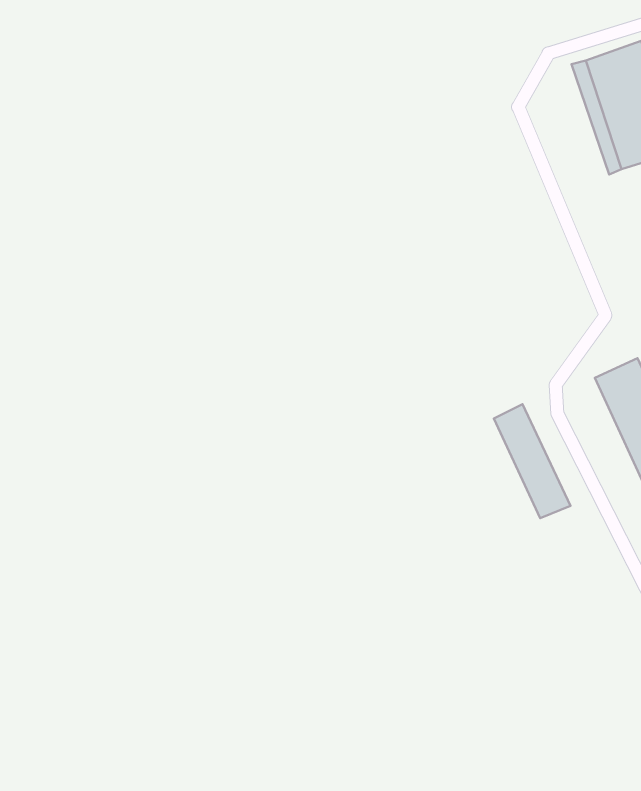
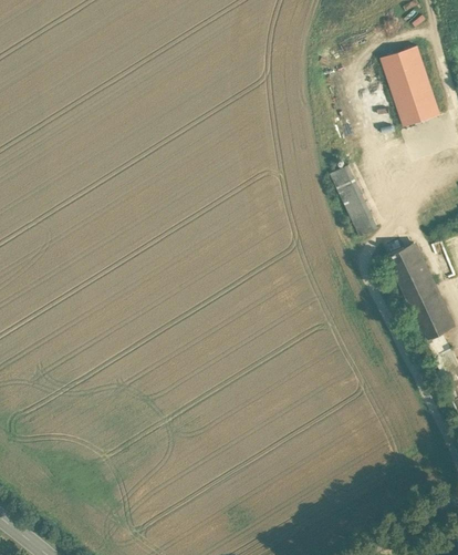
building: [494,404,571,518] -> [332,164,379,235]

